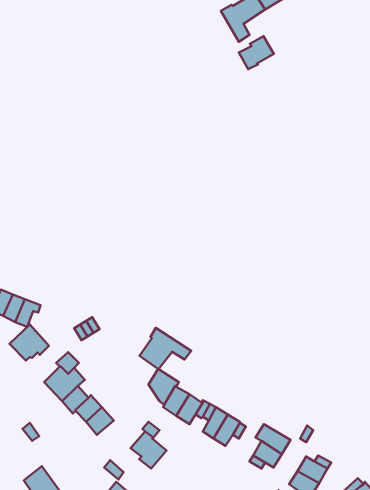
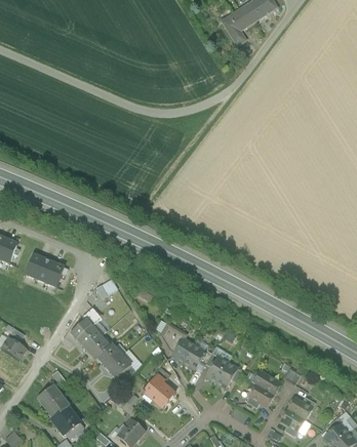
building: [239,36,274,69] -> none
building: [9,324,49,361] -> none
building: [140,328,191,369] -> none
building: none -> [37,383,70,416]

